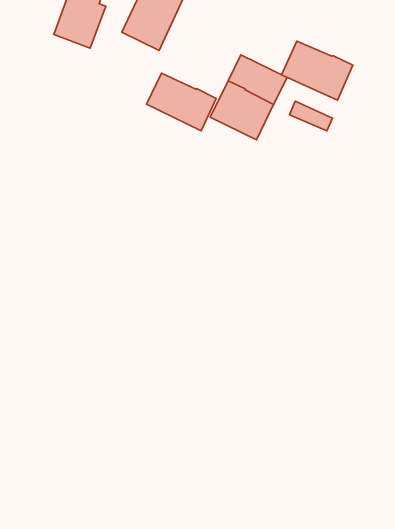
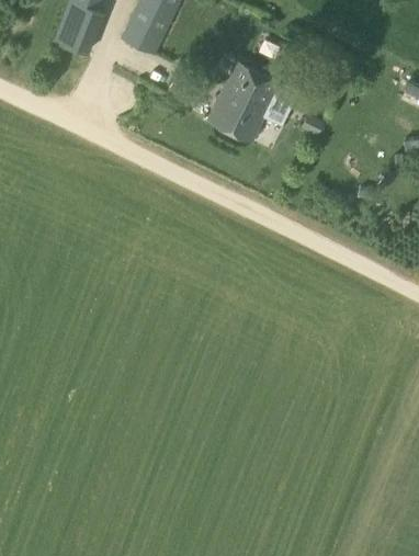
building: [281,41,353,100] -> none
building: [146,73,216,131] -> none

